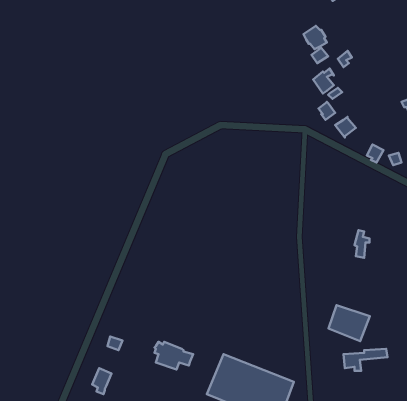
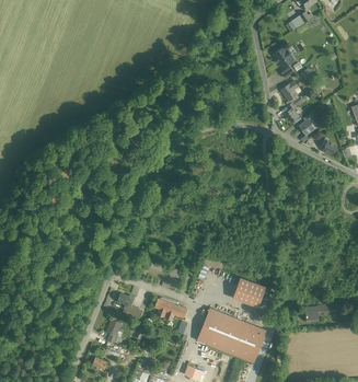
building: [328,305,370,341] -> [232,278,265,306]

